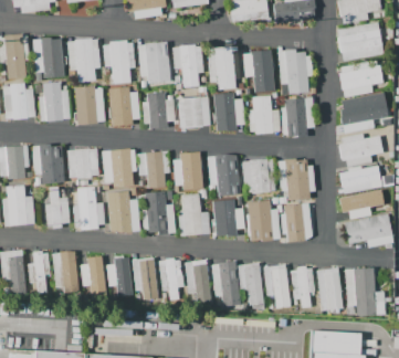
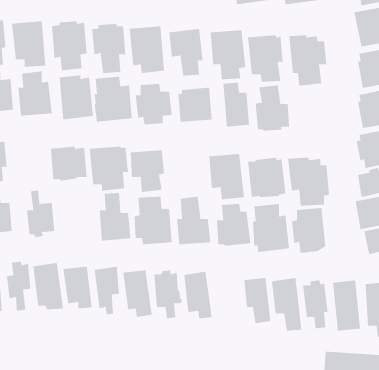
building: [281,96,315,138] -> none
building: [33,143,66,185] -> none
building: [172,152,206,188] -> none
building: [72,187,106,230] -> none
building: [211,263,240,307] -> none

